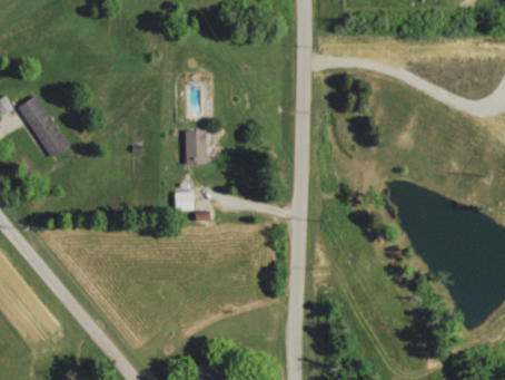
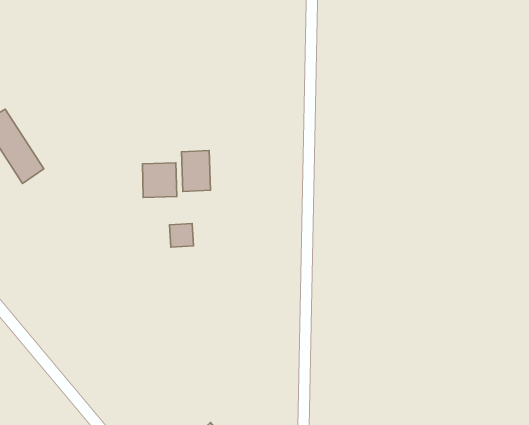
building: none -> [142,163,177,198]

